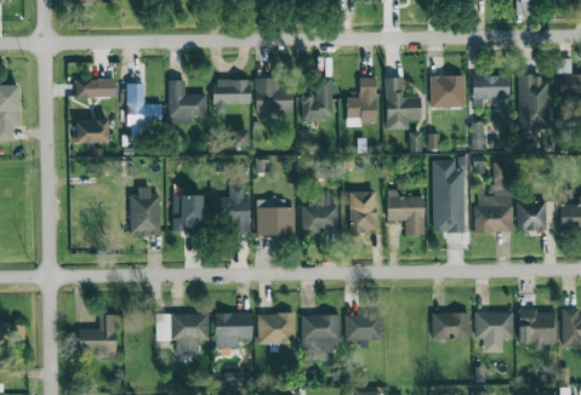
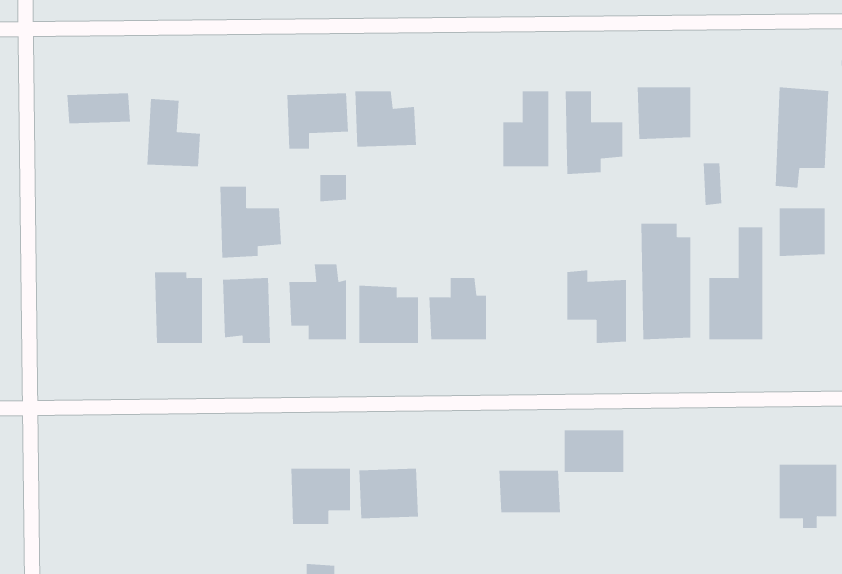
building: [473,75,509,98] -> none
building: [302,78,332,120] -> none
building: [169,80,207,125] -> [220,186,282,258]
building: [78,119,109,143] -> none
building: [351,190,376,231] -> none
building: [517,201,546,231] -> [779,208,825,256]
building: [474,311,513,353] -> none
building: [156,313,209,354] -> none
building: [432,313,469,339] -> [564,430,624,473]
building: [78,314,118,357] -> none
building: [301,314,340,360] -> none

